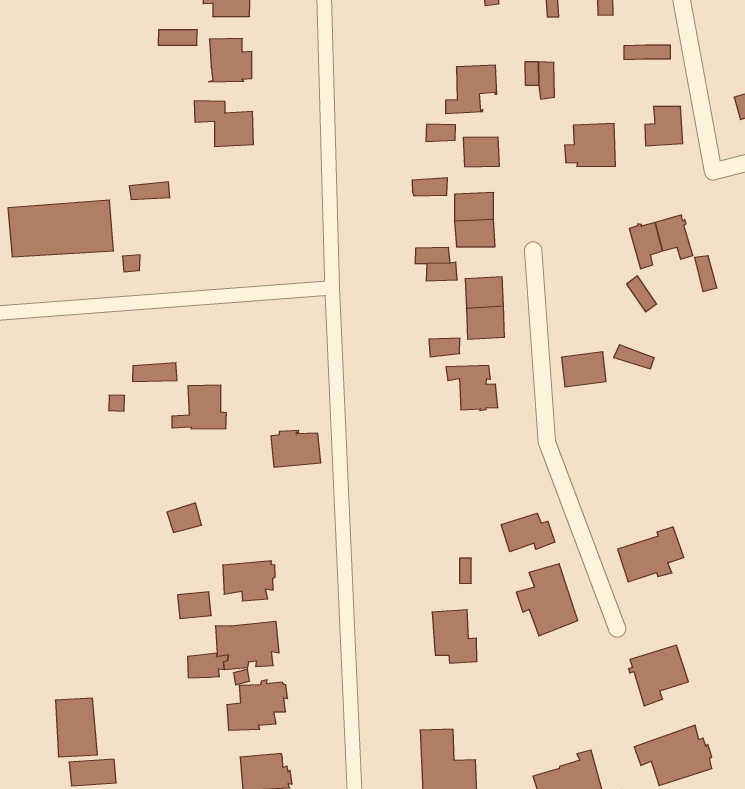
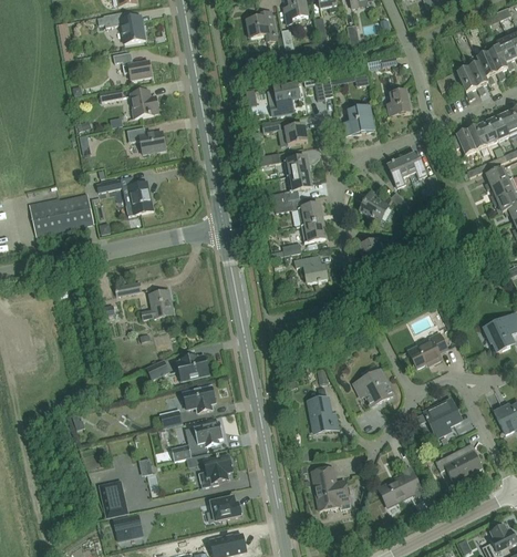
building: none -> [124,180,154,214]
building: none -> [360,189,389,220]
building: [271,430,321,467] -> [177,355,208,379]
building: [501,513,555,552] -> none

